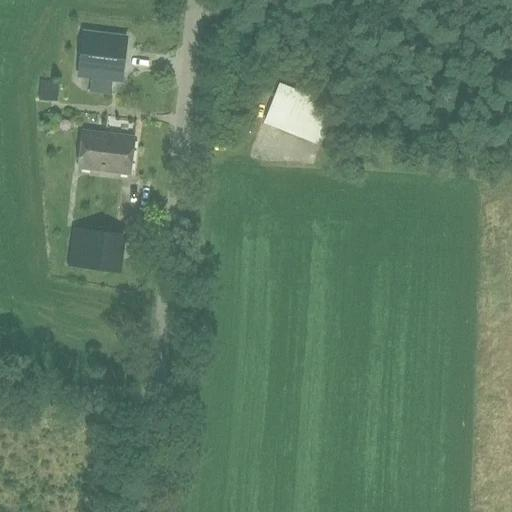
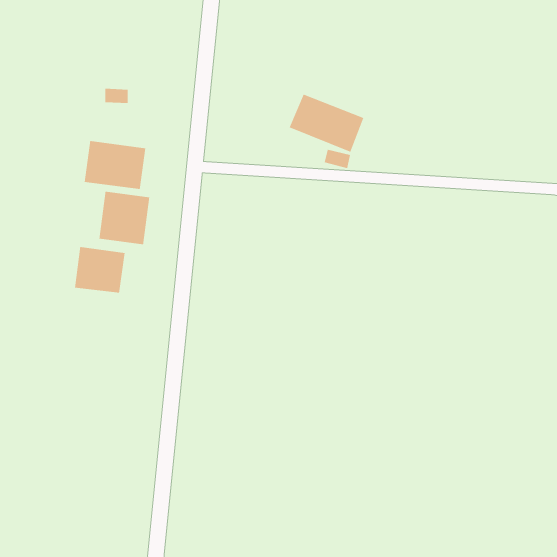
building: [78,31,127,79] -> none
building: none -> [99,191,150,245]

